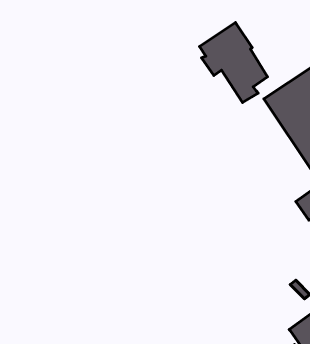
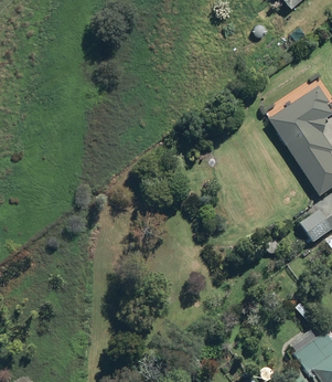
building: [199,23,268,103] -> none

